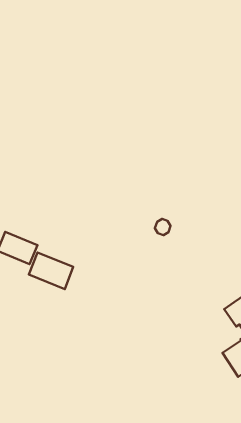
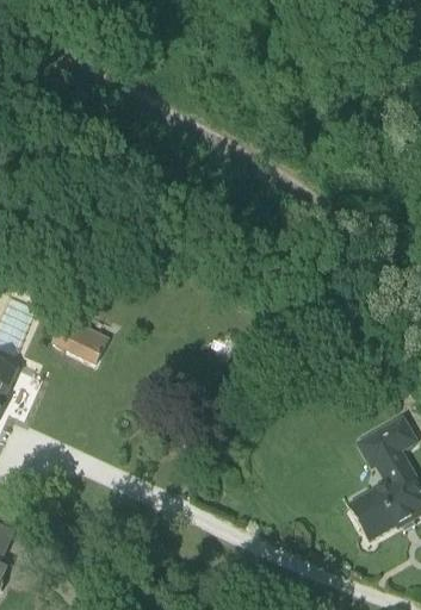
building: [29,252,73,289] -> none

